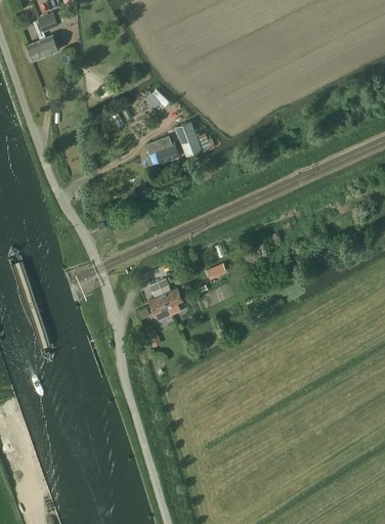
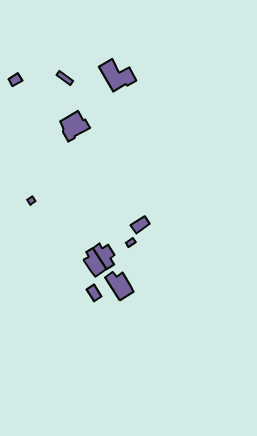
building: [174,121,213,157] -> [99,59,136,92]
building: none -> [105,272,134,300]

